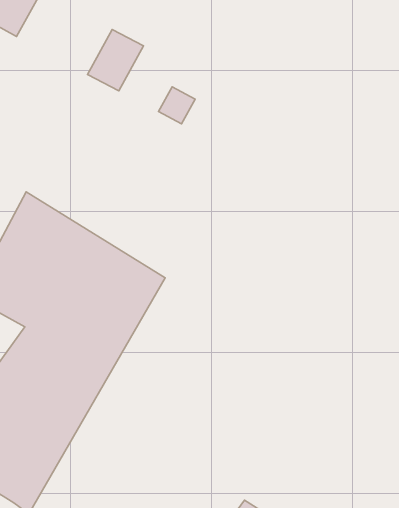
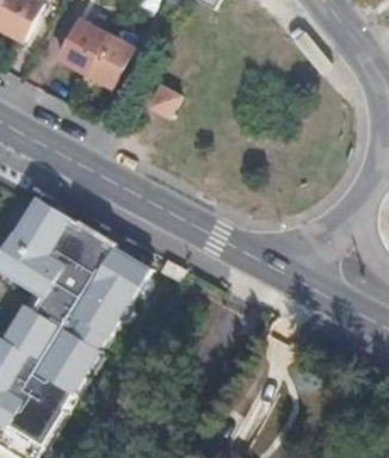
building: none -> [58,23,106,76]

